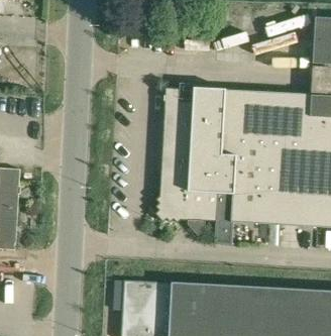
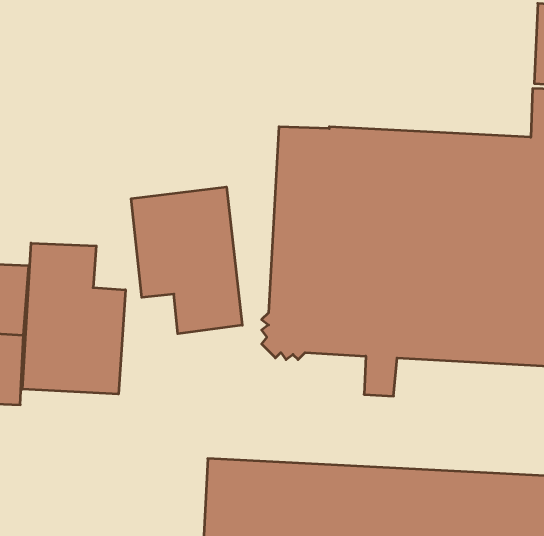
building: none -> [131,187,242,334]
building: none -> [22,243,125,394]

